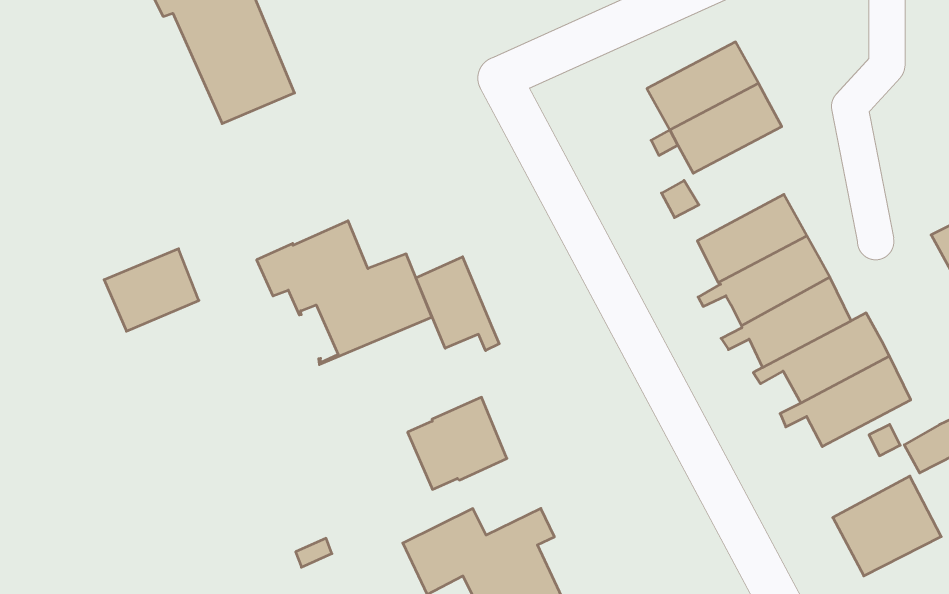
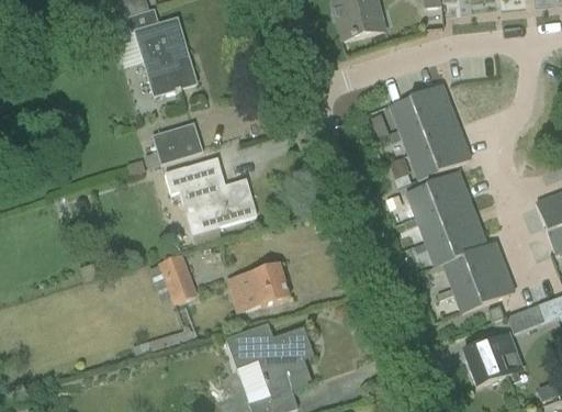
building: none -> [409,134,471,179]
building: [104,249,199,331] -> [151,122,202,164]
building: [416,257,499,351] -> none
building: none -> [159,256,196,304]

